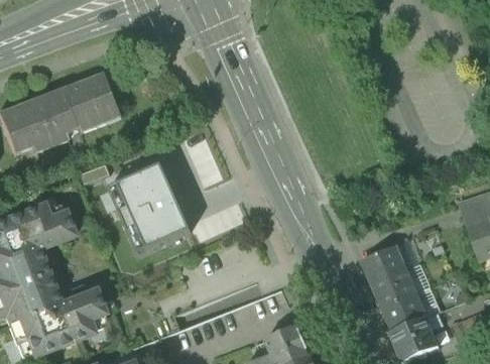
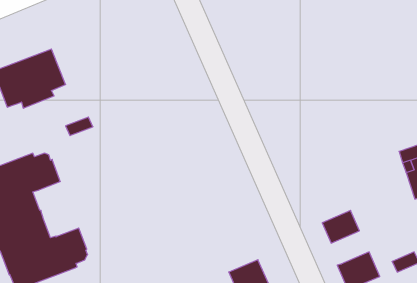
building: [64,73,120,131] -> none
building: [108,164,191,255] -> none
building: [361,245,404,284] -> none
building: [382,293,425,332] -> none

